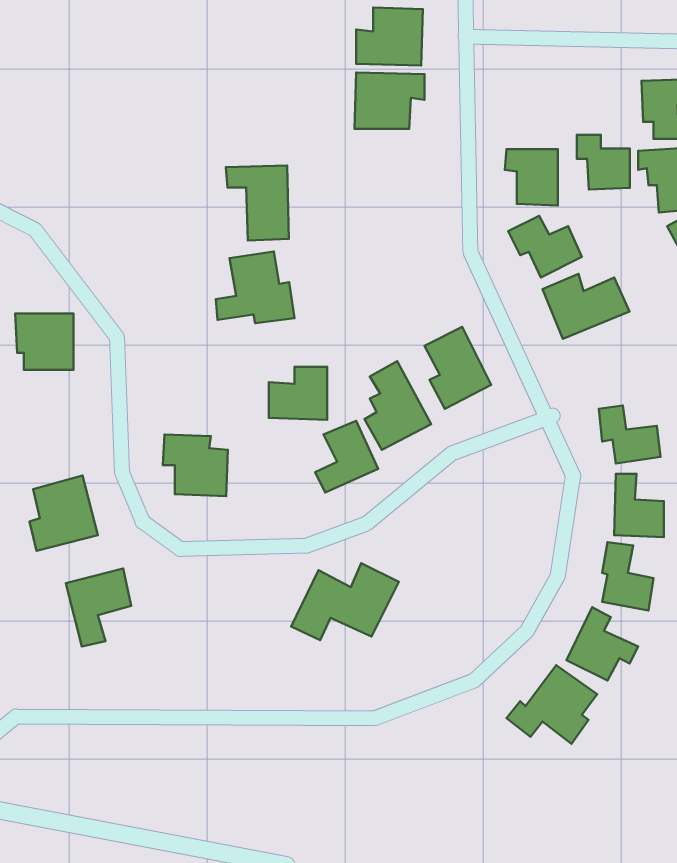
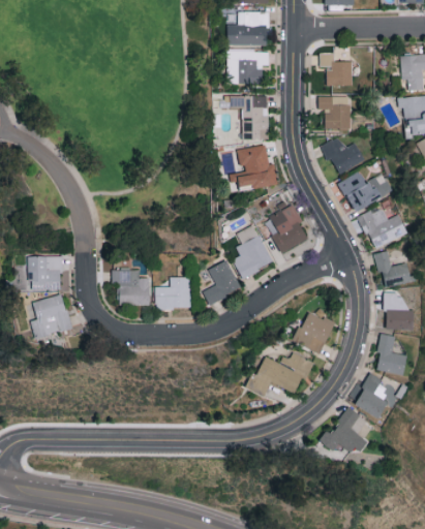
building: [577,135,630,190] -> [320,53,352,86]
building: [226,165,289,241] -> [230,95,268,141]
building: [216,251,294,323] -> [230,145,277,188]
building: [15,314,73,370] -> [26,256,61,290]
building: none -> [358,206,407,249]
building: [269,367,327,420] -> [154,277,189,309]
building: none -> [294,309,335,353]
building: [291,563,399,640] -> [247,350,312,397]
building: [66,569,131,647] -> none

